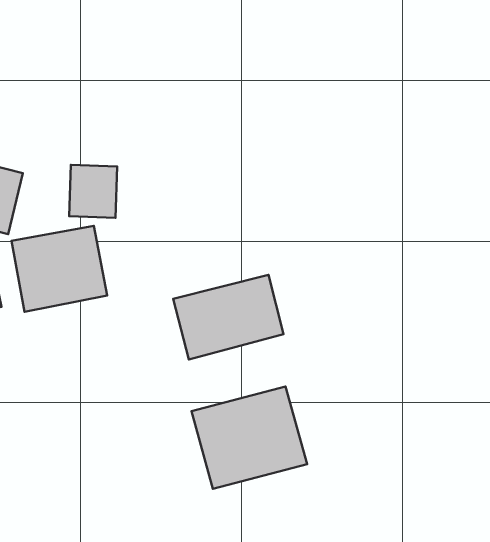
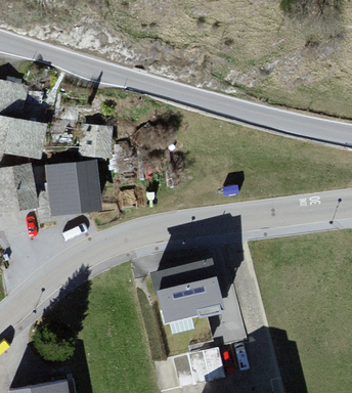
building: [173,275,284,360] -> none

